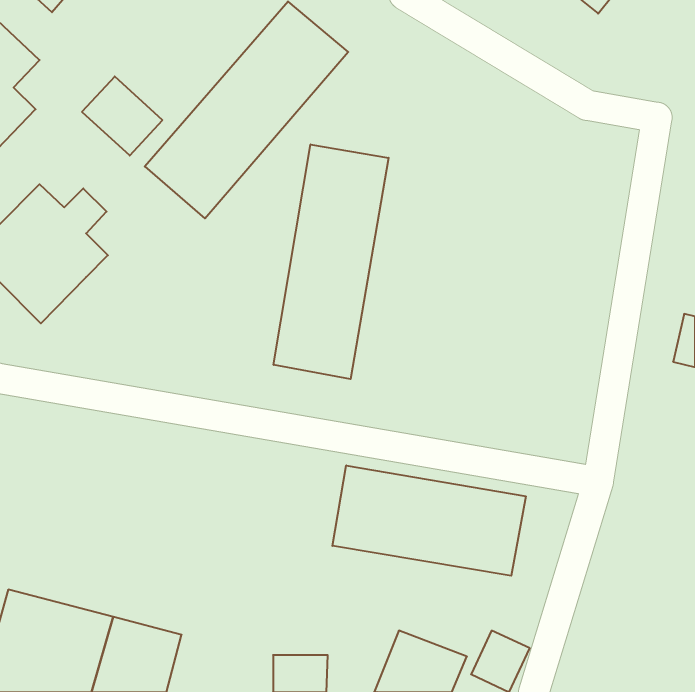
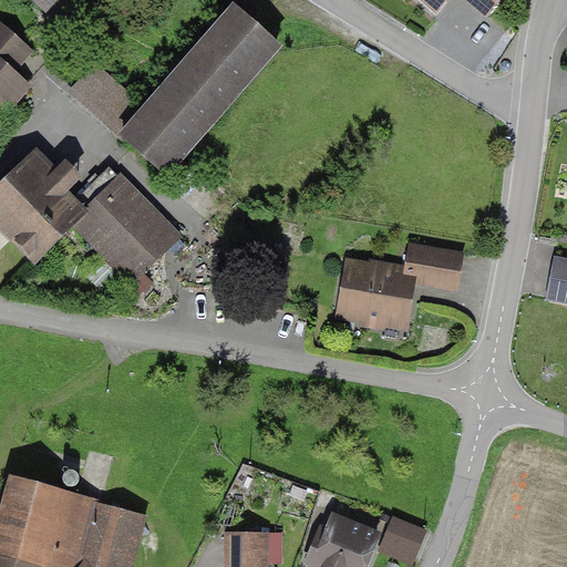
building: [274,144,389,379] -> none
building: none -> [70,176,177,284]
building: none -> [334,241,462,330]
building: [332,465,526,576] -> none

